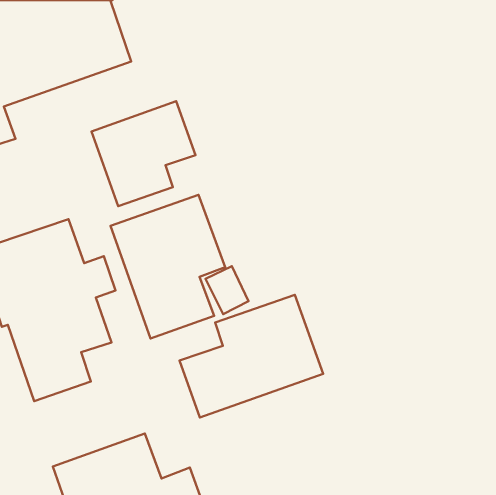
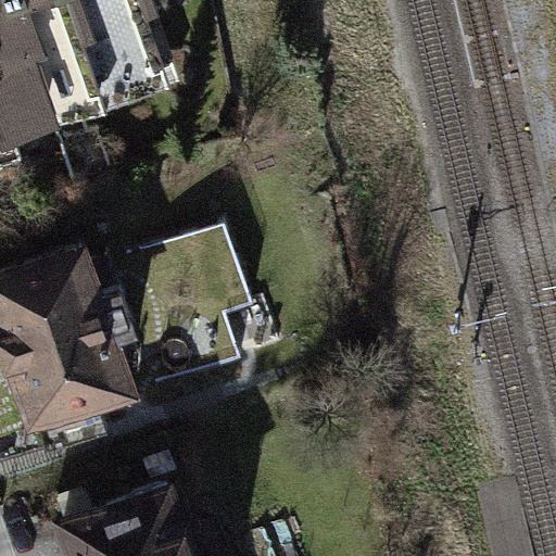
building: [91,101,195,206] -> none
building: [179,295,323,418] -> none

